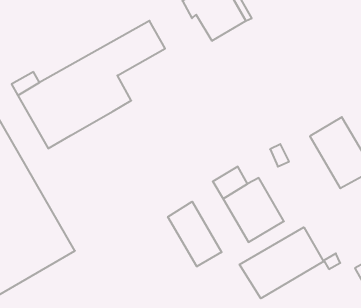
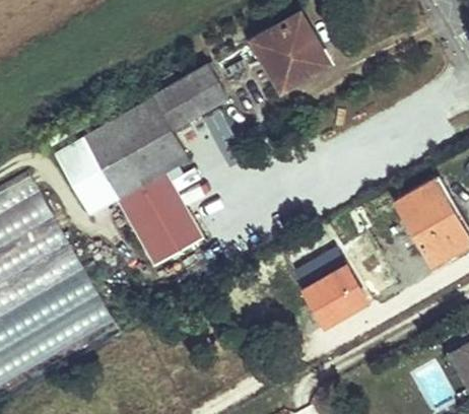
building: none -> [116,171,203,266]
building: [168,202,222,267] -> none
building: [240,227,324,298] -> none

